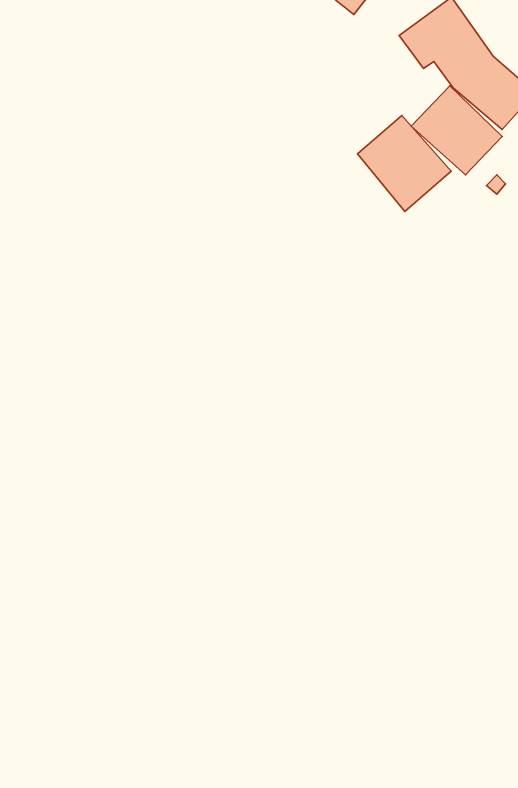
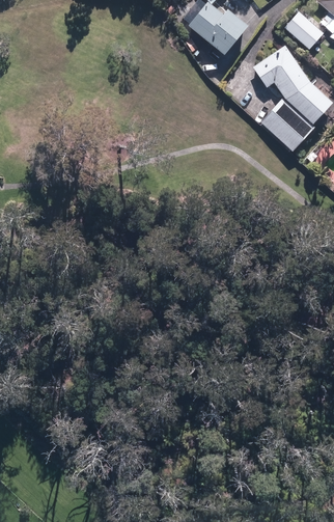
building: [358,115,451,212] -> none

